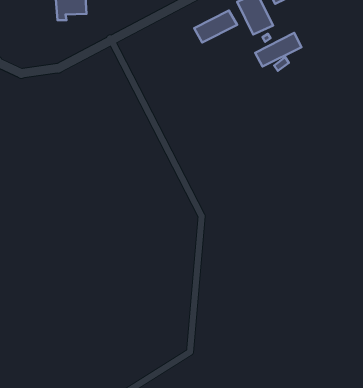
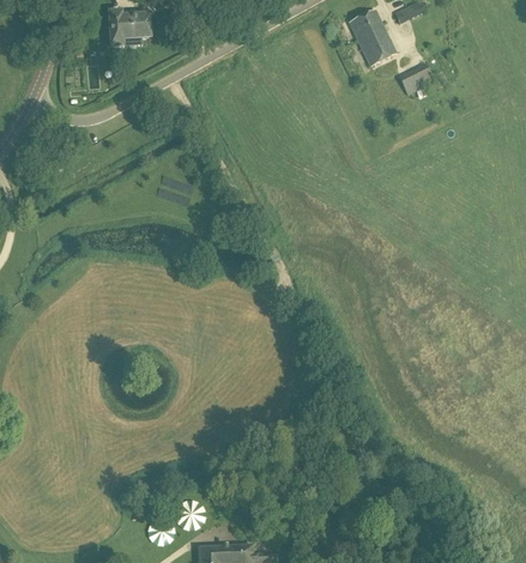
building: [194,11,237,42] -> none

